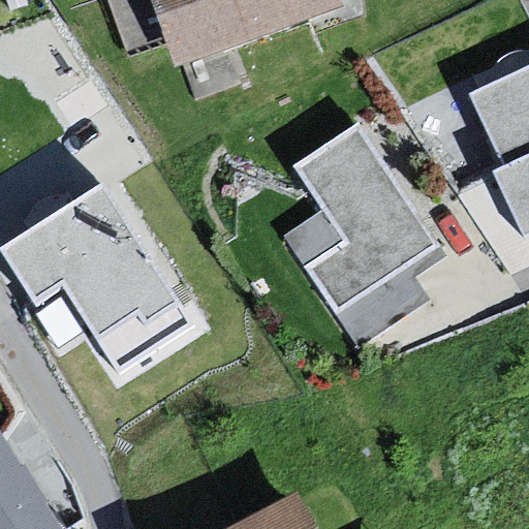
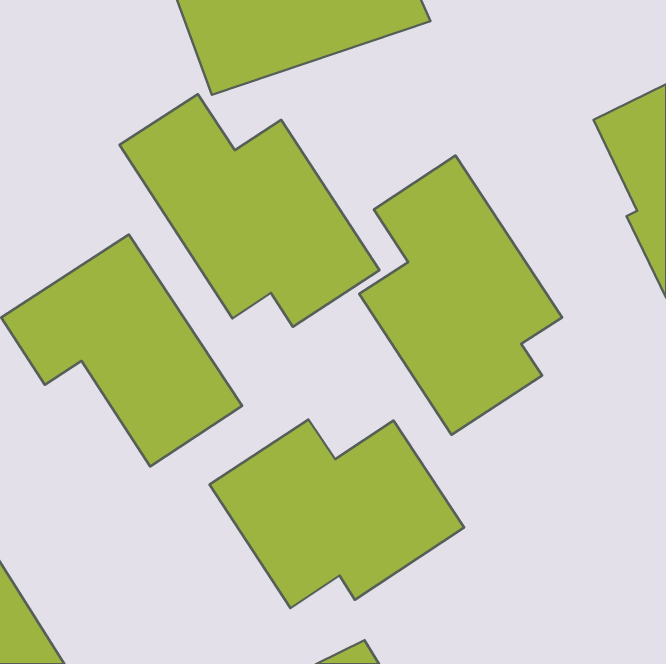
building: none -> [120,94,379,327]
building: none -> [210,419,464,608]

